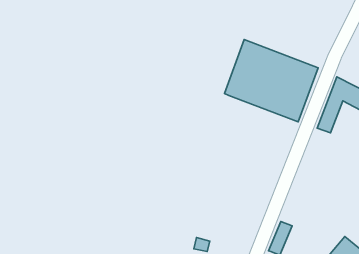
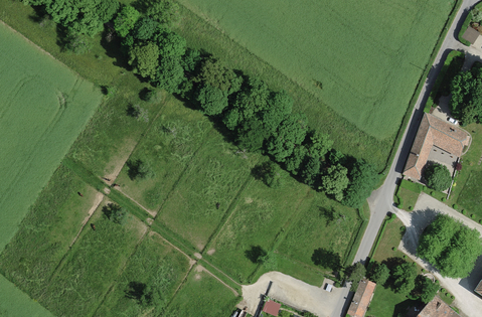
building: [224,39,318,122] -> none

